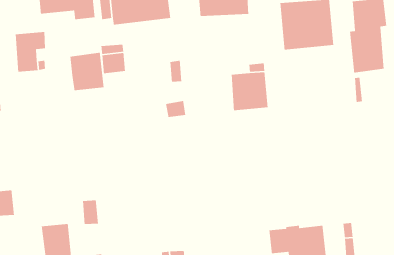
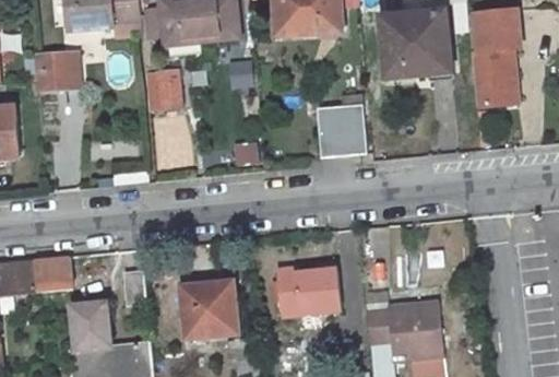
building: [70,52,105,91] -> none
building: none -> [33,255,72,292]
building: none -> [276,267,340,314]
building: none -> [181,281,237,337]

